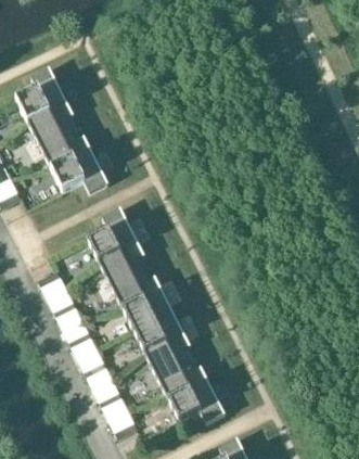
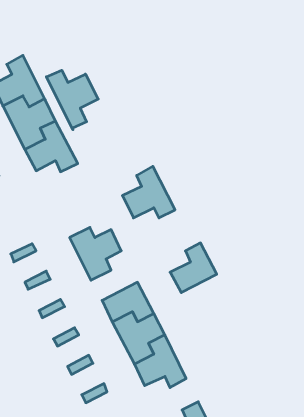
building: none -> [46,70,98,130]
building: [89,207,145,263] -> [122,166,175,218]
building: [124,277,174,330] -> [170,243,217,293]

